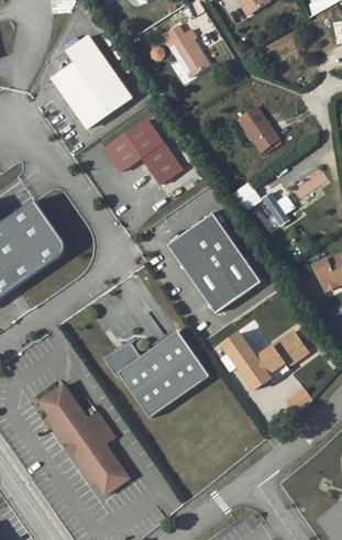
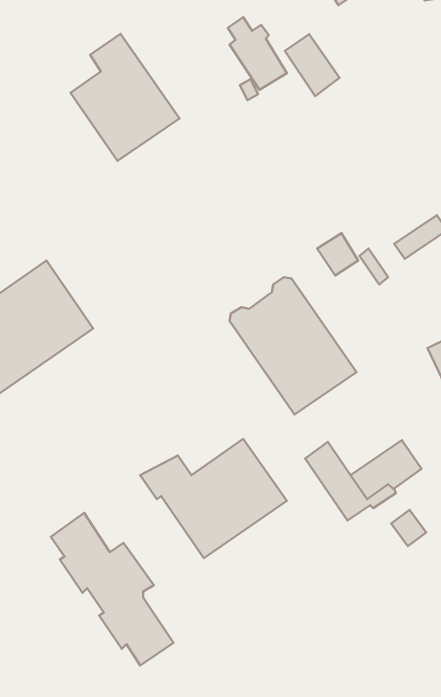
building: [239,106,278,151] -> [285,34,339,96]
building: [104,119,183,184] -> none

